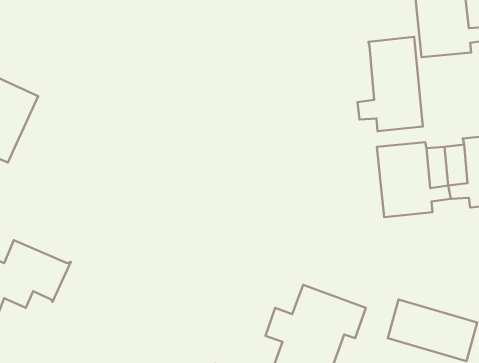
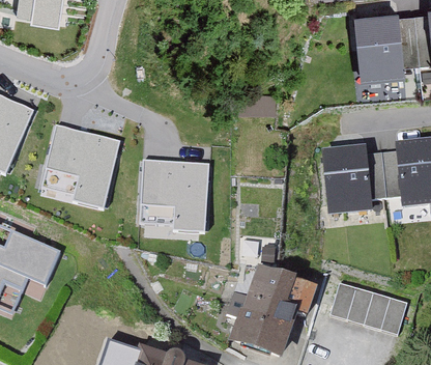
building: [358,37,423,131] -> none
building: none -> [40,122,120,200]
building: none -> [139,160,208,227]

